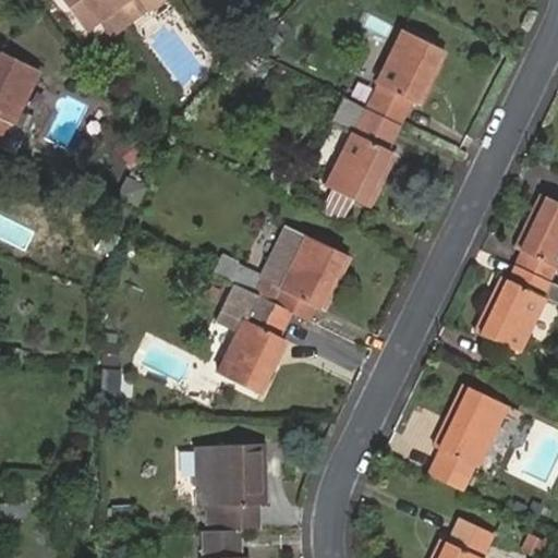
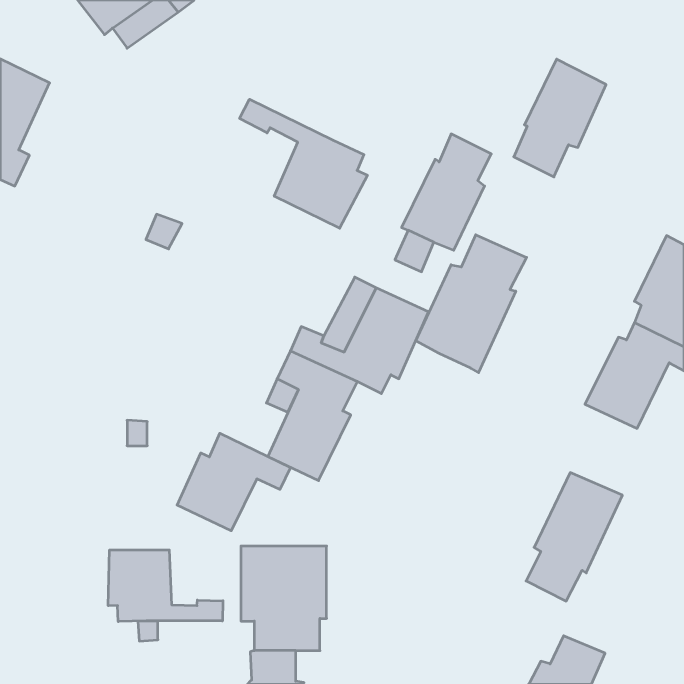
building: [367,29,442,125] -> [514,59,606,177]
building: none -> [240,99,367,228]
building: none -> [416,235,527,373]
building: none -> [177,433,290,531]
building: none -> [108,550,223,622]

